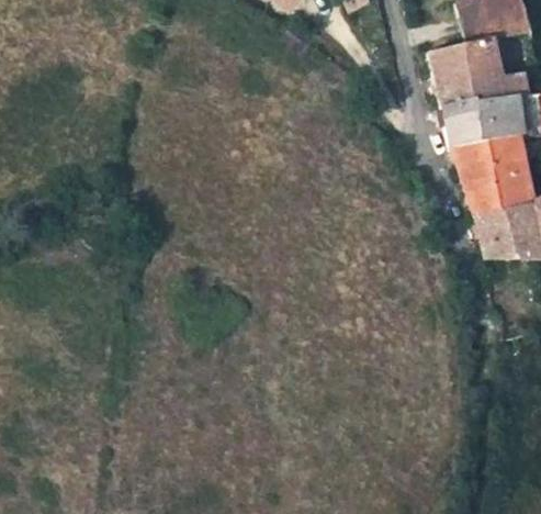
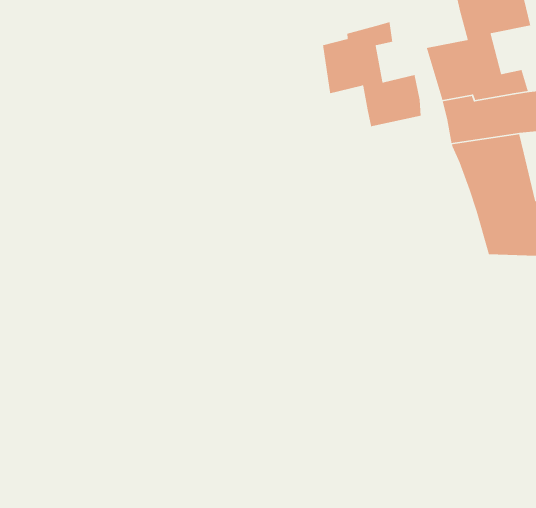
building: none -> [322,21,421,127]

